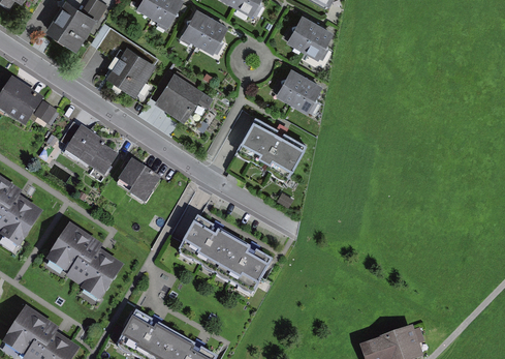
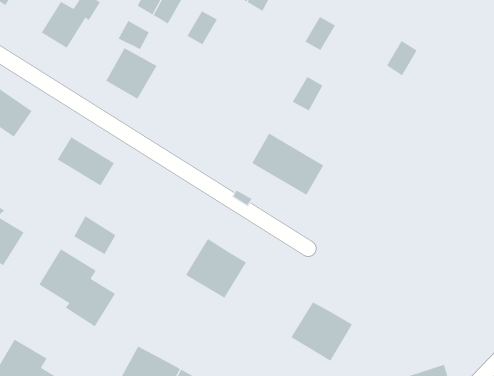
building: [196,21,224,52] -> none
building: none -> [118,20,150,50]
building: [302,26,329,58] -> [386,40,417,76]
building: [159,73,203,117] -> none
building: [291,80,318,111] -> none
building: [121,158,159,193] -> [73,216,116,255]
building: [216,238,272,292] -> [290,301,353,361]

